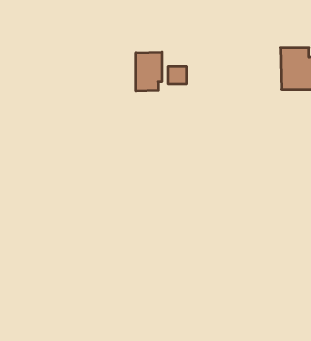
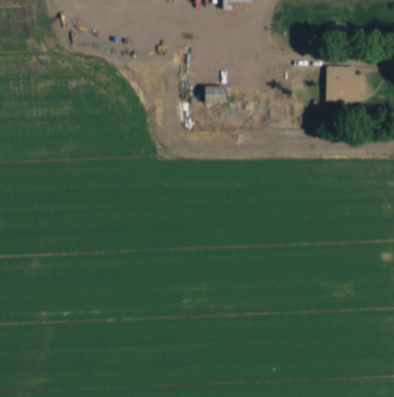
building: [136,52,162,91] -> none

